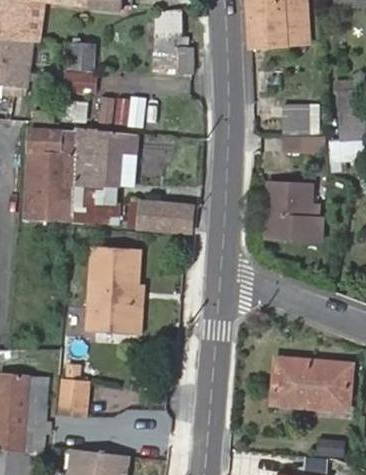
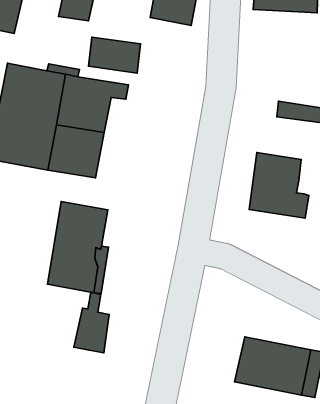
building: [285,100,312,131] -> none
building: [125,204,186,233] -> none
building: [61,359,91,415] -> [74,292,109,353]

